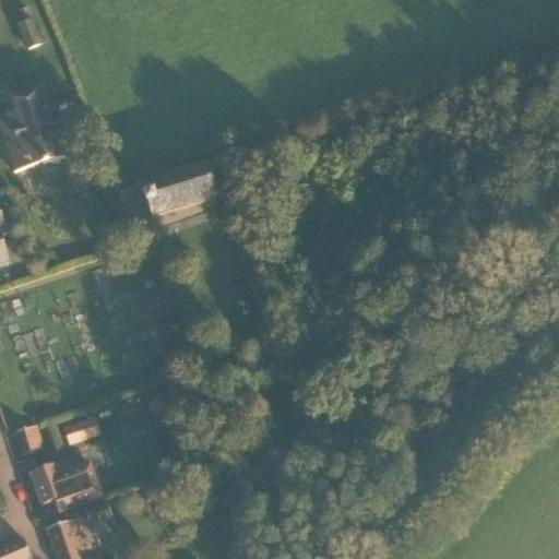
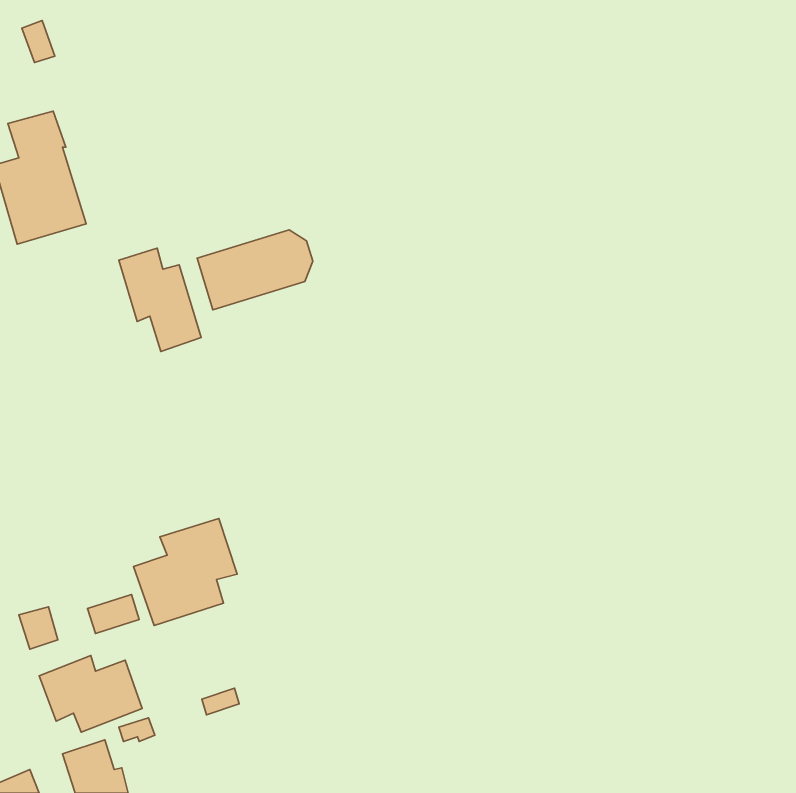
building: none -> [119,248,201,351]
building: none -> [134,519,237,625]

